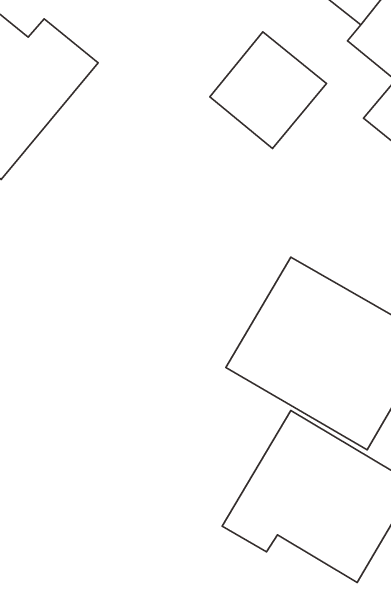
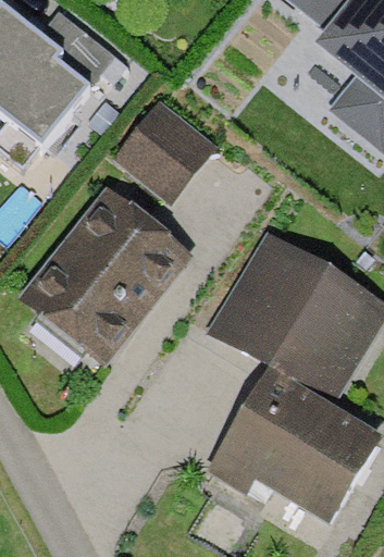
building: [210,32,327,149] -> [112,101,215,205]
building: none -> [21,190,188,363]

